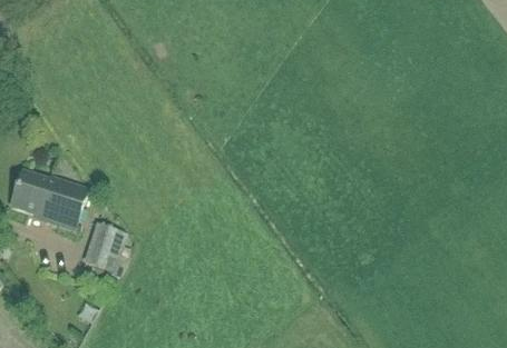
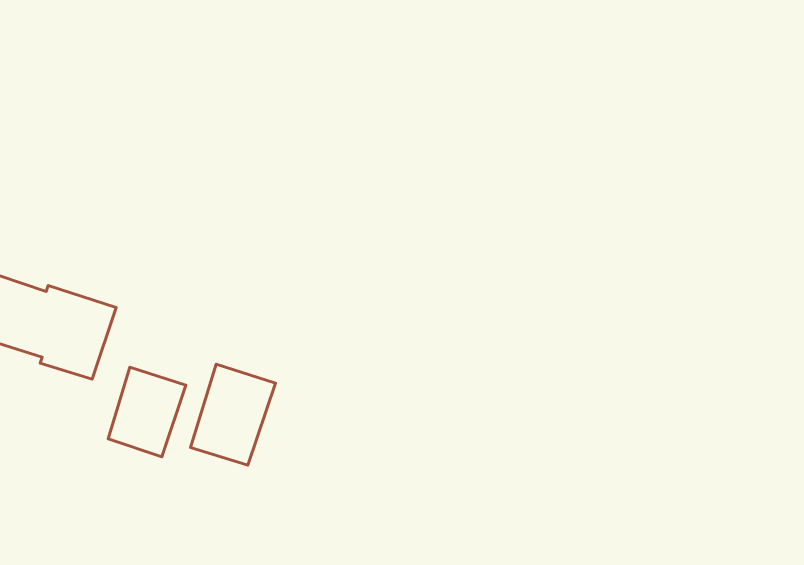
building: none -> [190,364,275,465]

